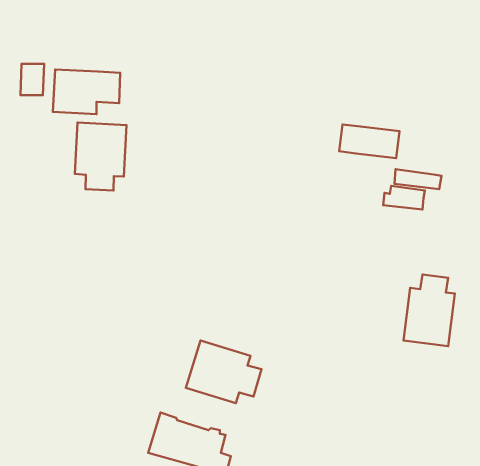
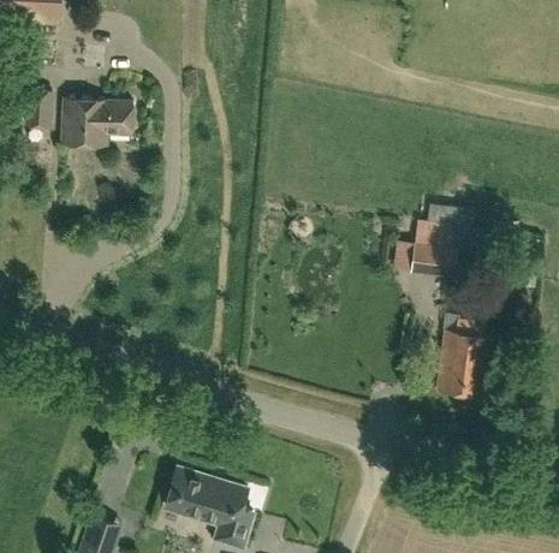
building: [75,122,126,190] -> none
building: [339,124,400,158] -> [393,239,458,275]
building: [186,341,262,403] -> none

